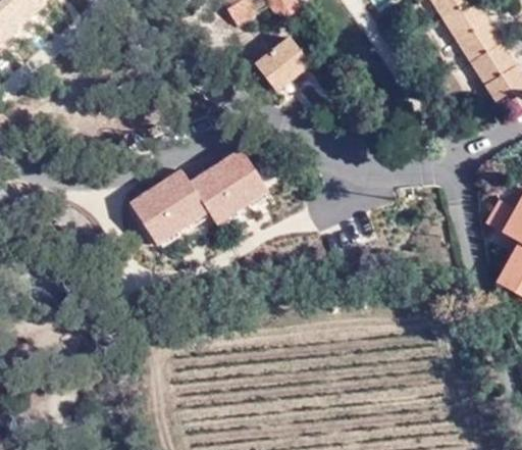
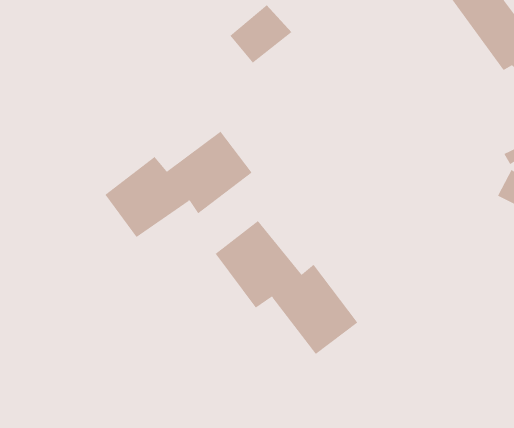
building: none -> [215,220,358,355]

